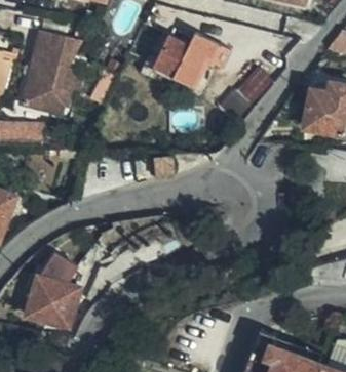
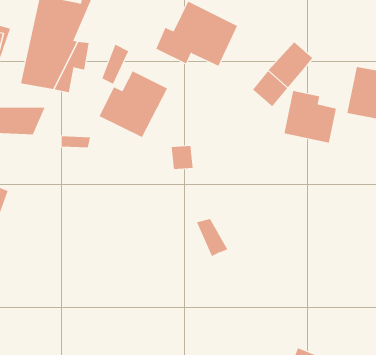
building: none -> [99,70,168,138]
building: none -> [284,90,337,144]
building: [26,254,82,329] -> none

